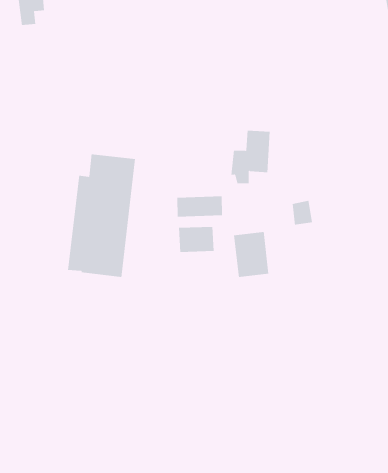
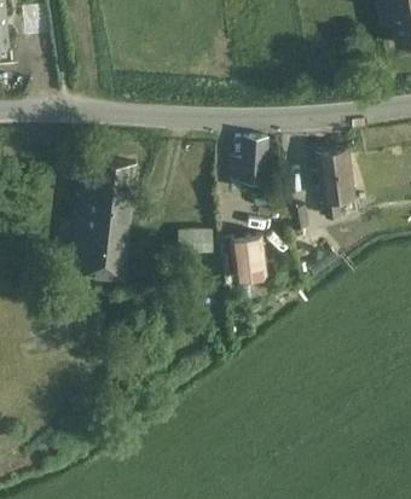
building: none -> [317,147,355,217]
building: [177,196,222,218] -> none

